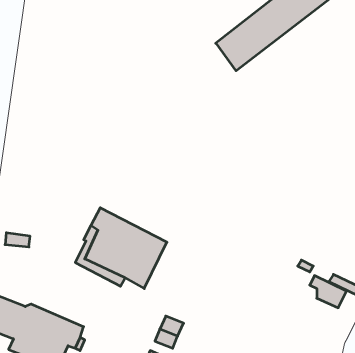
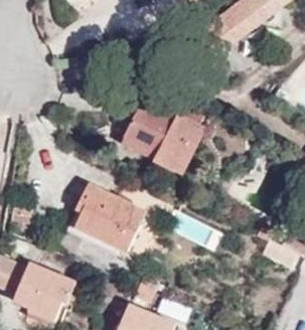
building: none -> [122,103,205,174]

